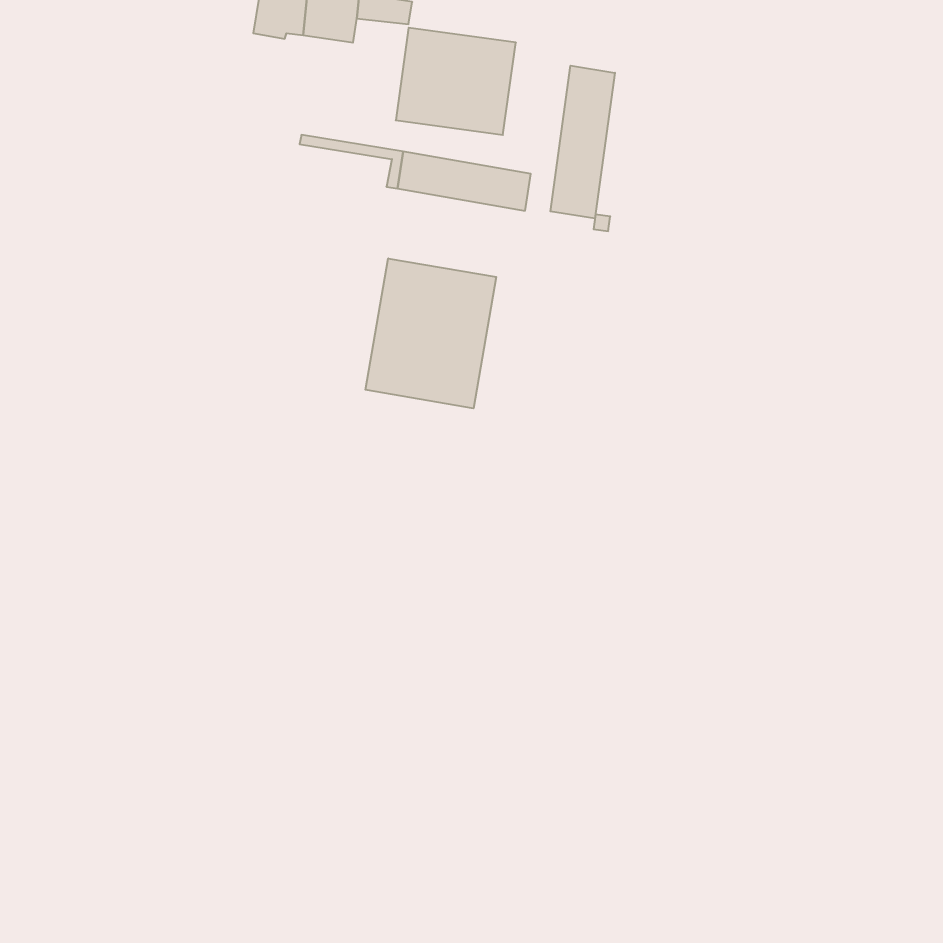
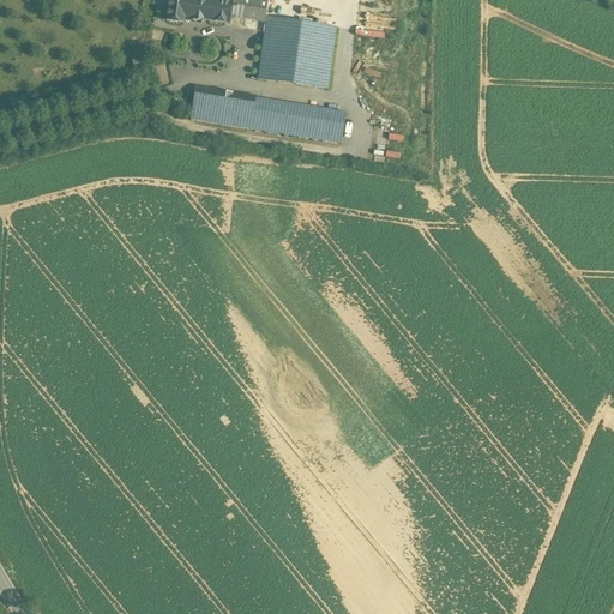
building: [550,66,615,219] -> none
building: none -> [191,94,254,121]
building: [365,258,496,408] -> none

